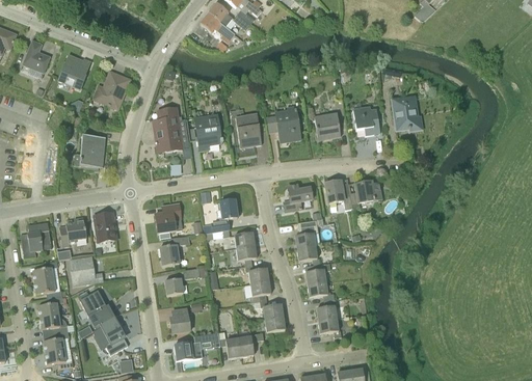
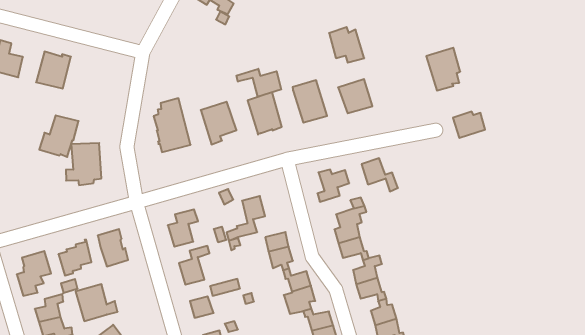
building: [92,72,129,108] -> [39,115,79,157]
building: none -> [236,69,281,97]
building: [352,105,379,135] -> [329,27,364,63]
building: [354,181,380,201] -> [453,112,485,138]

